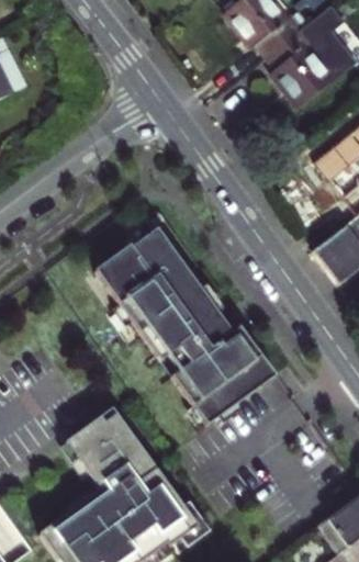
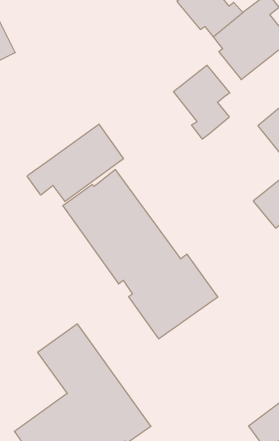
building: none -> [174,65,230,139]
building: none -> [27,124,123,202]

